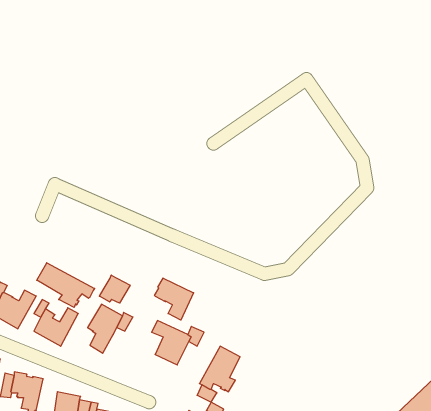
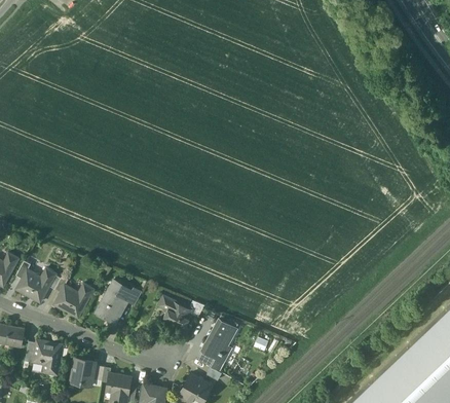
building: [37,263,95,307] -> none
building: [99,275,130,303] -> none
building: [155,278,194,320] -> none

